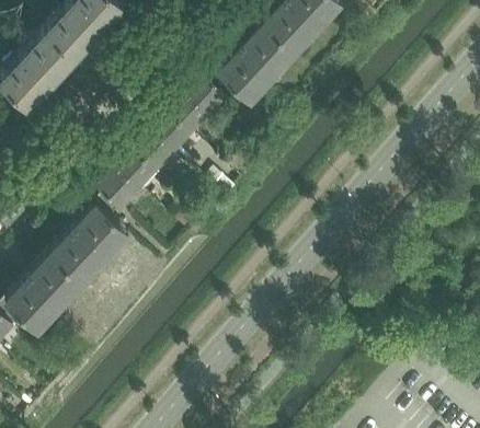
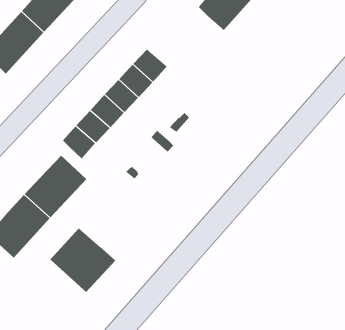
building: [216,26,294,105] -> none
building: none -> [49,227,116,293]

